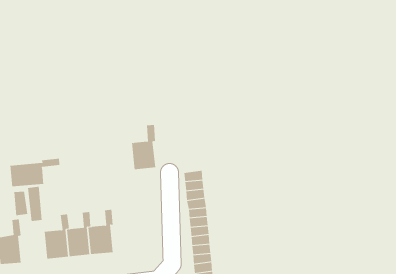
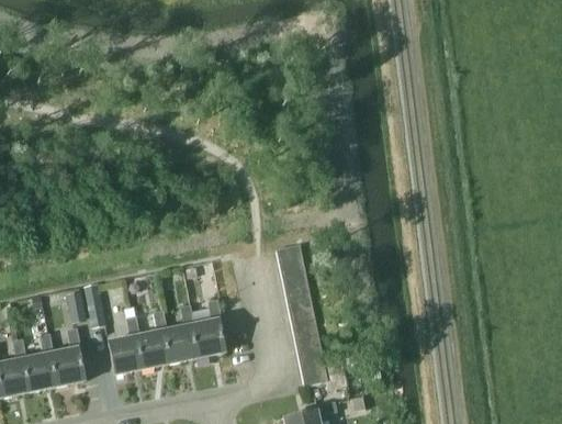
building: [131,124,156,170] -> [191,297,225,356]
building: [10,158,60,187] -> none

